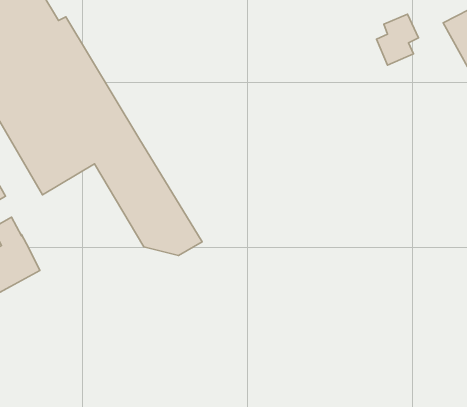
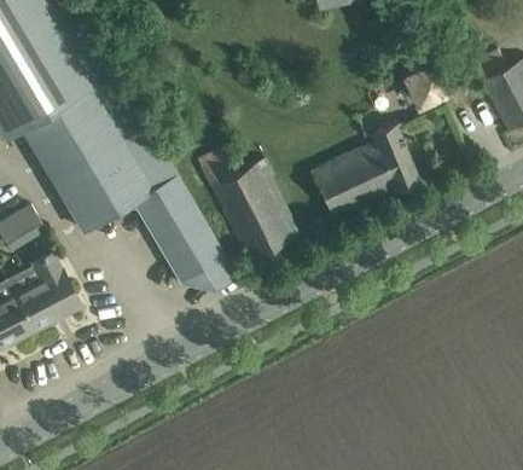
building: none -> [309,123,418,215]
building: none -> [196,145,297,261]

